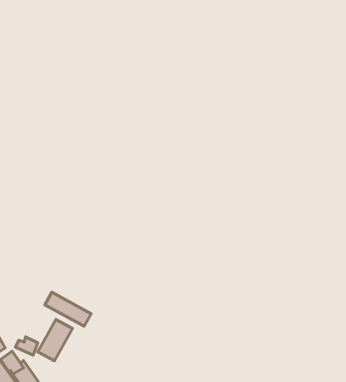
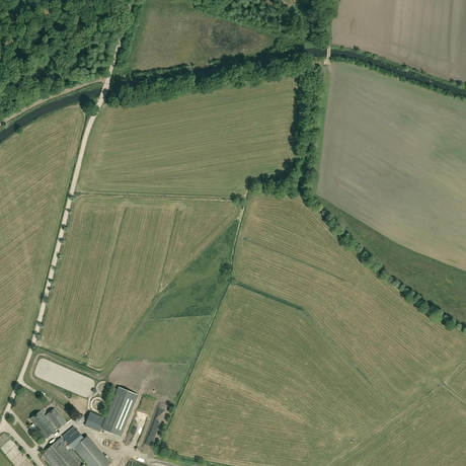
building: [45,292,91,326] -> none

